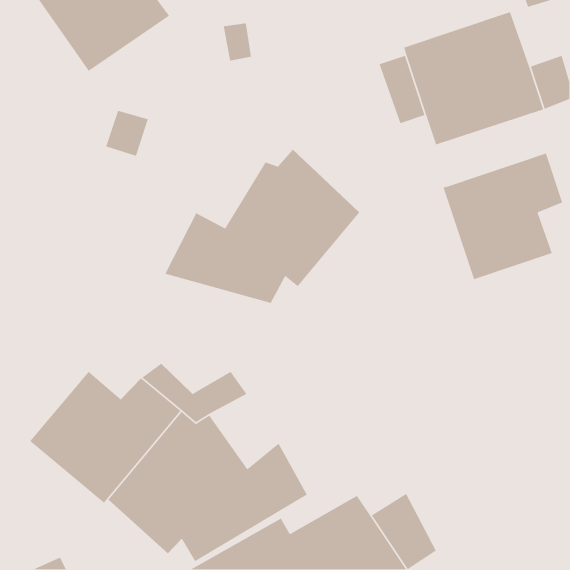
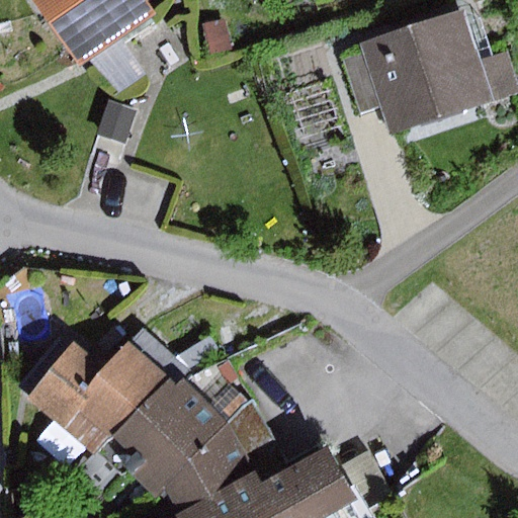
building: [164,149,360,304] -> none
building: [442,153,563,280] -> none

